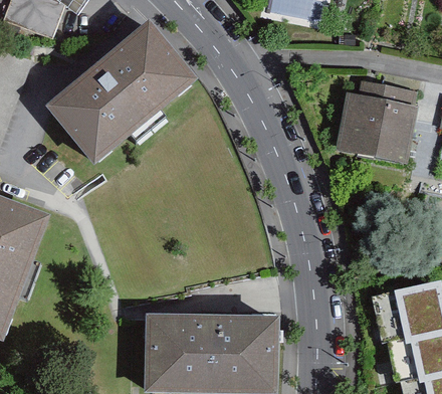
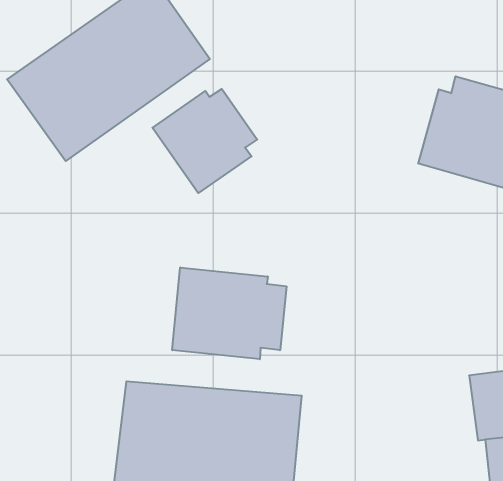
building: none -> [152,89,257,193]
building: none -> [172,267,286,359]

